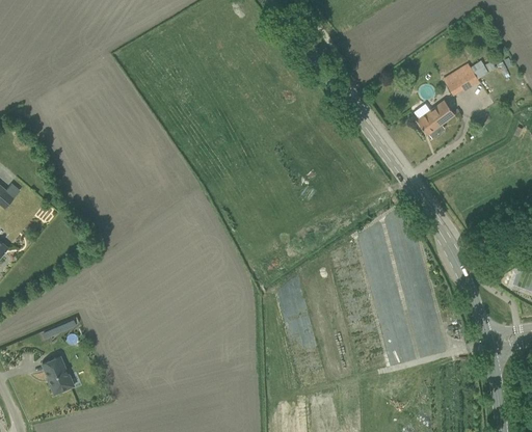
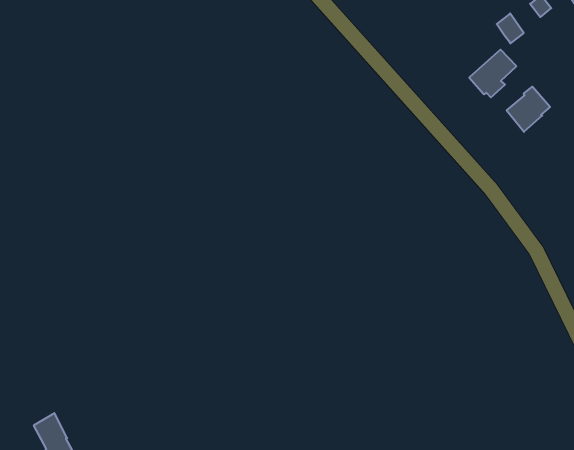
building: none -> [507,87,550,132]

